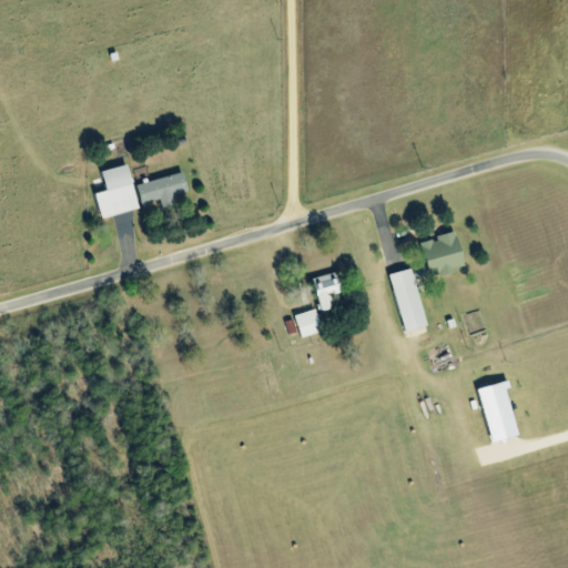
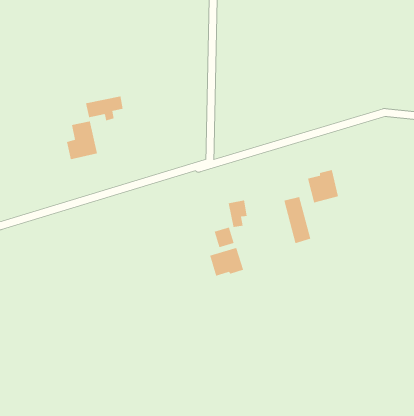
building: [135,173,187,207] -> [85,96,124,121]
building: none -> [210,247,244,276]
building: [477,379,518,442] -> none

